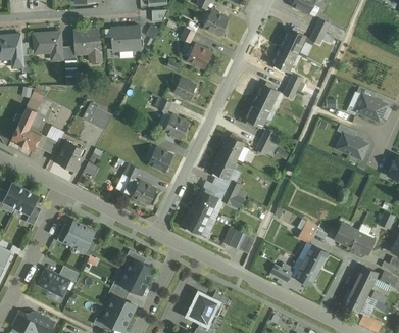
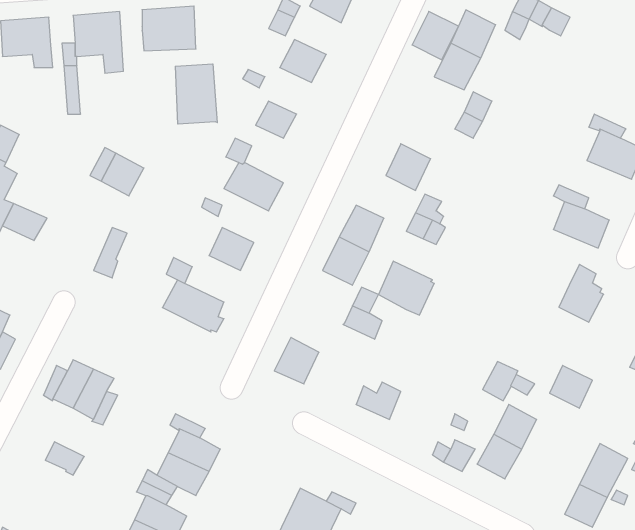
building: none -> [175,64,217,124]
building: [253,83,279,109] -> [412,11,459,60]
building: [56,141,82,171] -> none
building: [193,189,223,219] -> [378,261,434,315]
building: [351,223,376,254] -> [559,264,604,322]
building: [39,269,69,295] -> none

